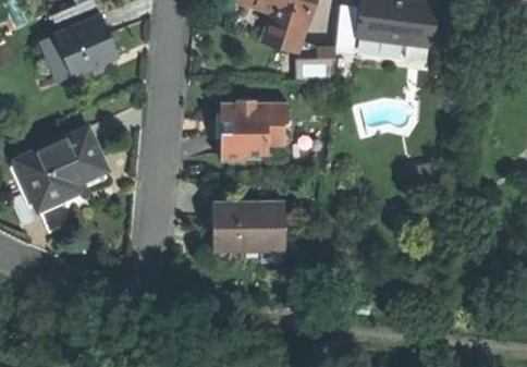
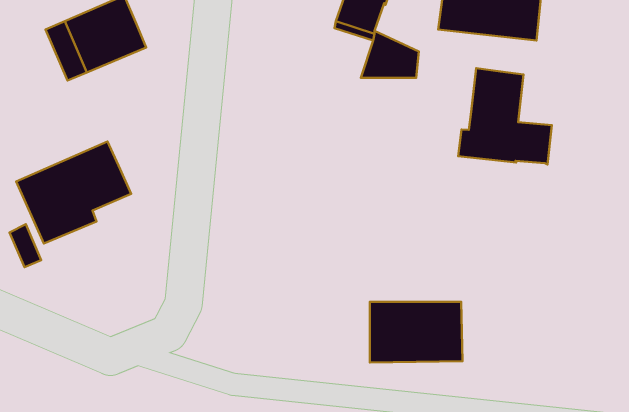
building: none -> [458,68,552,164]
building: [216,97,286,158] -> none
building: [212,200,285,248] -> [370,302,463,362]

